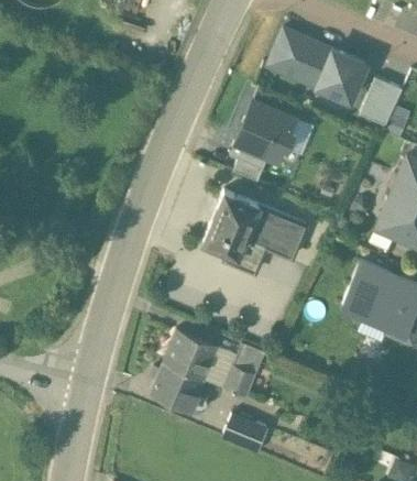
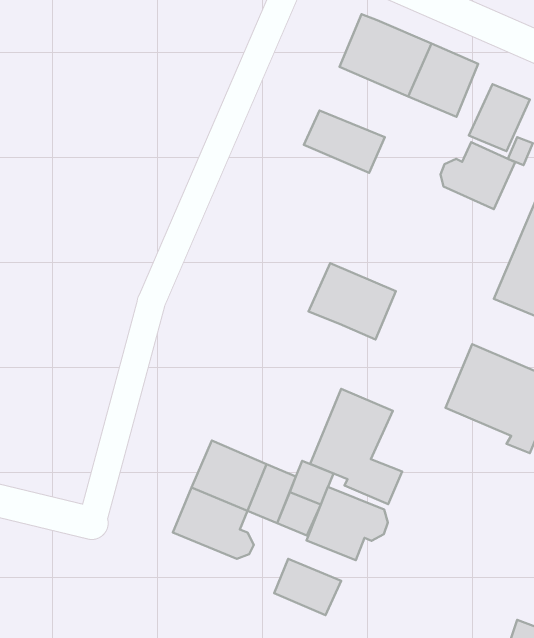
building: none -> [440,142,515,209]
building: [232,121,288,165] -> none
building: [202,189,267,271] -> [310,389,402,504]
building: none -> [306,487,388,560]

